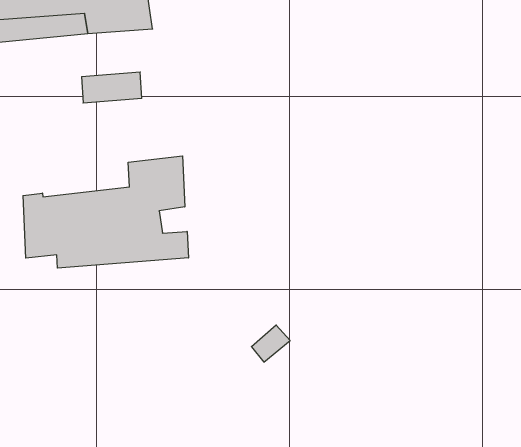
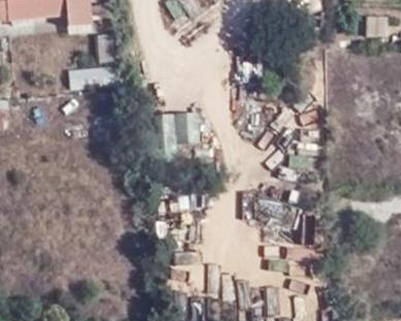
building: [23,156,188,268] -> none

